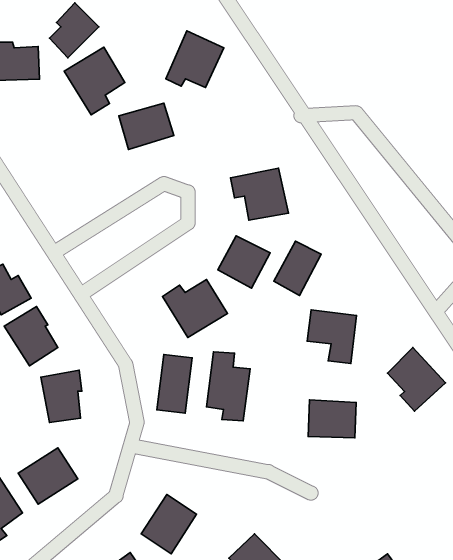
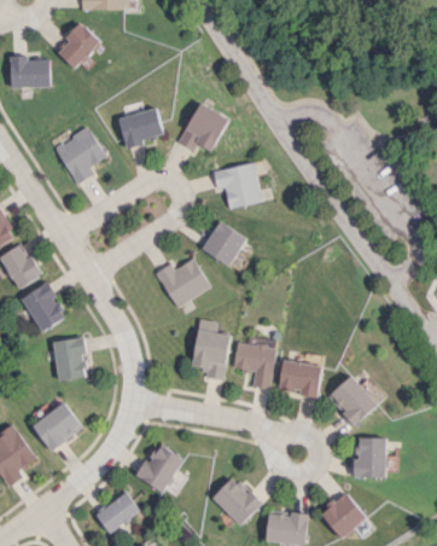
building: [166,31,224,87] -> [179,103,228,151]
building: [64,47,125,115] -> [53,127,105,185]
building: [274,241,321,295] -> none
building: [307,310,357,364] -> [233,343,275,389]
building: [387,348,445,411] -> [328,374,378,429]
building: [157,354,192,413] -> none
building: none -> [352,437,385,477]

